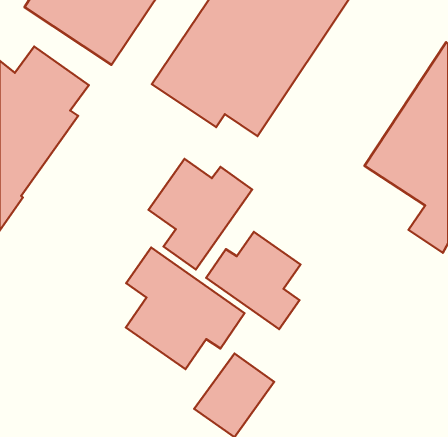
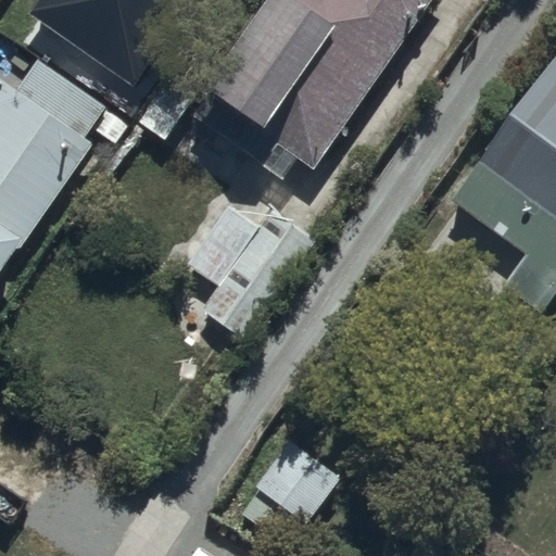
building: [206,232,301,329] -> none
building: [126,248,244,369] -> none

